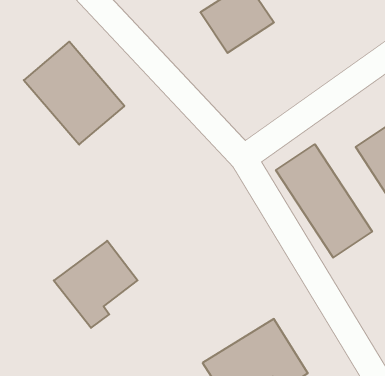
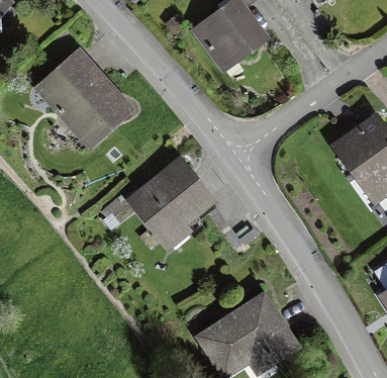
building: [276,144,372,258] -> none
building: [54,241,138,328] -> [134,165,209,243]

